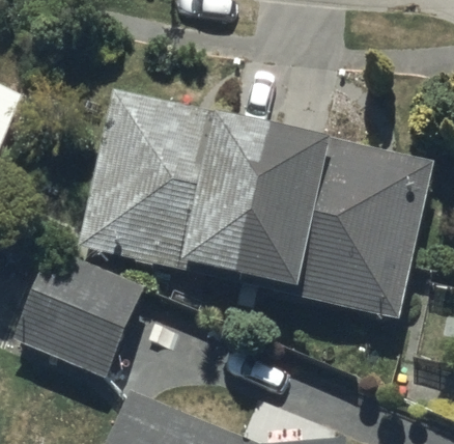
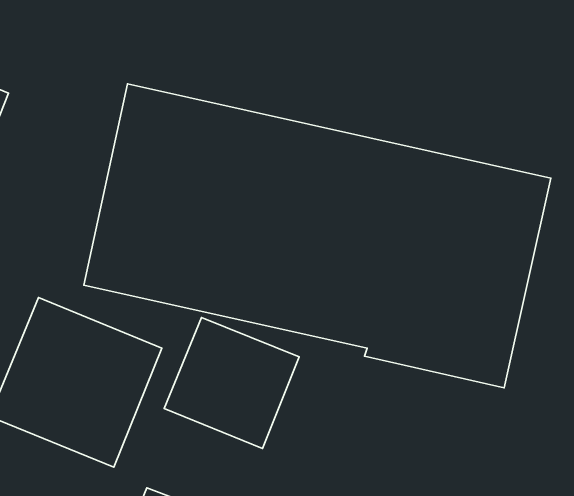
building: none -> [164,318,299,449]

